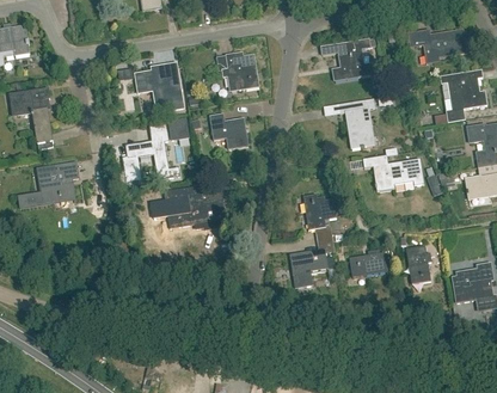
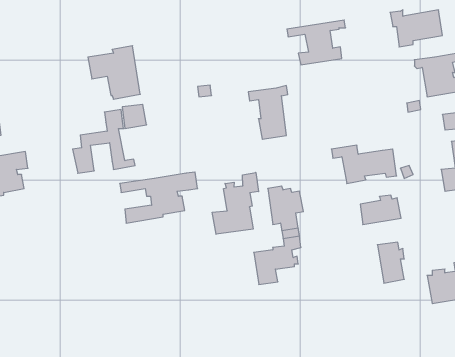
building: [221,53,258,91] -> none
building: [337,98,374,148] -> [248,86,288,139]
building: [209,113,248,149] -> none
building: none -> [212,172,259,234]
building: [349,250,387,277] -> [360,195,401,225]

